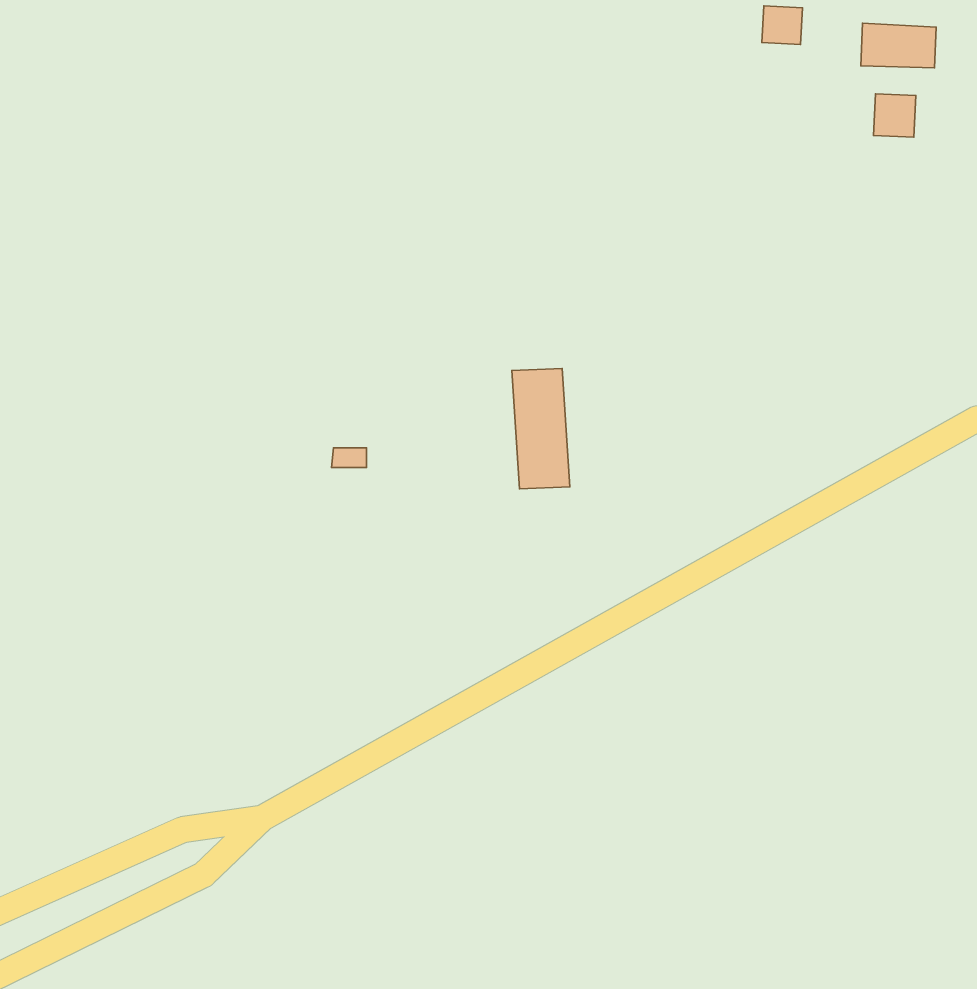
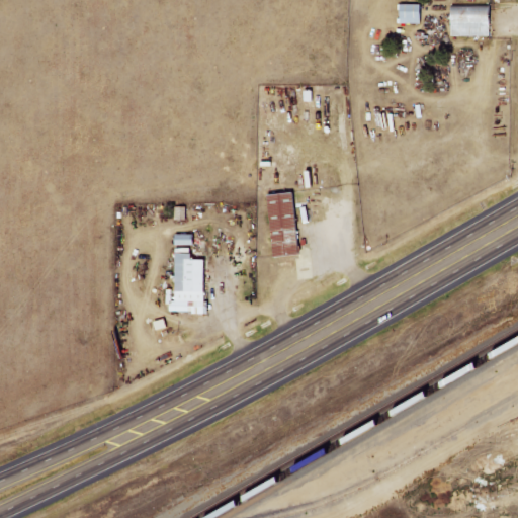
building: [874,94,916,137] -> none
building: none -> [168,252,204,311]

